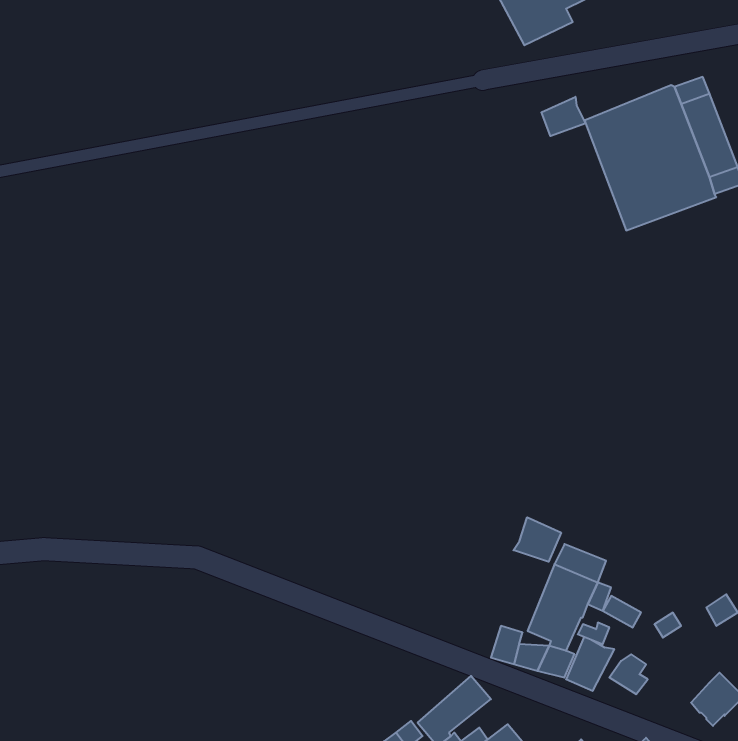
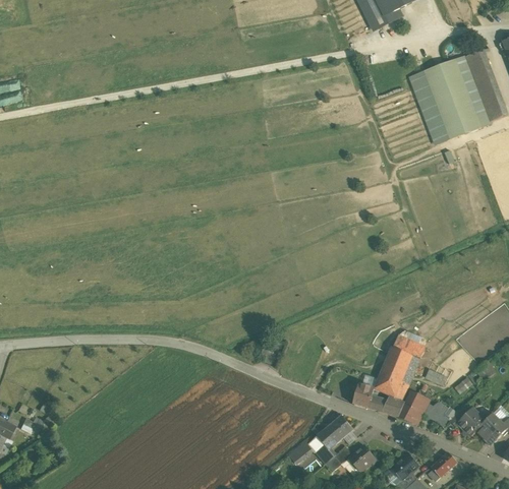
building: [541,97,586,136] -> none
building: [513,517,561,562] -> none
building: none -> [458,409,487,436]

